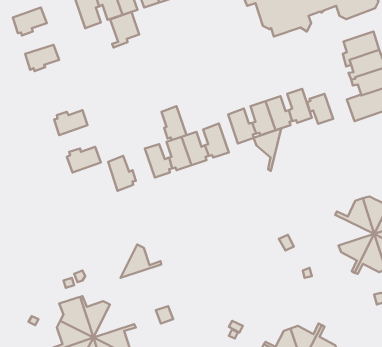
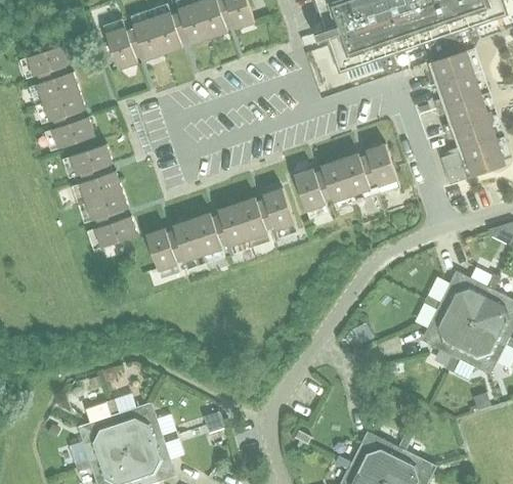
building: [110,12,139,48] -> none
building: none -> [428,51,473,86]
building: none -> [38,72,79,101]
building: none -> [53,117,95,147]
building: none -> [71,143,112,177]
building: [307,94,333,124] -> none
building: [162,106,187,140] -> [173,218,204,260]
building: none -> [86,189,128,222]
building: [253,128,281,171] -> none
building: none -> [425,300,474,338]
building: [121,245,161,278] -> [128,410,178,451]

